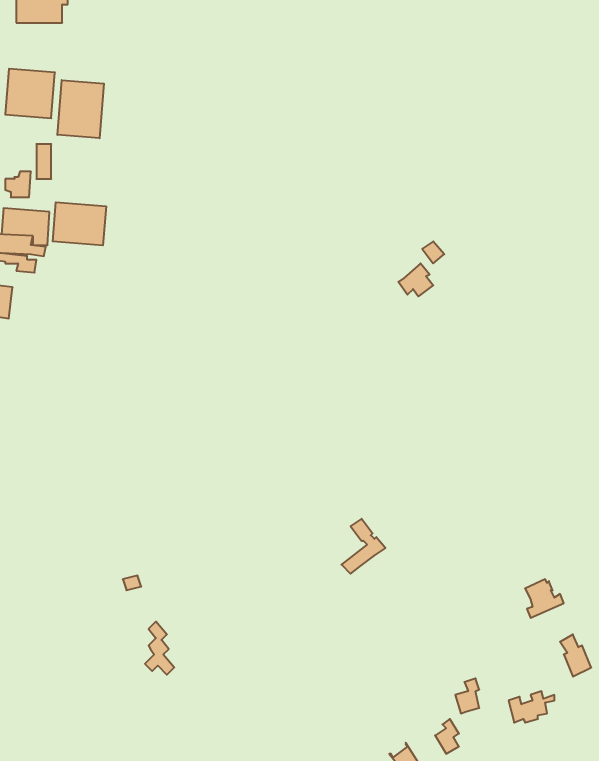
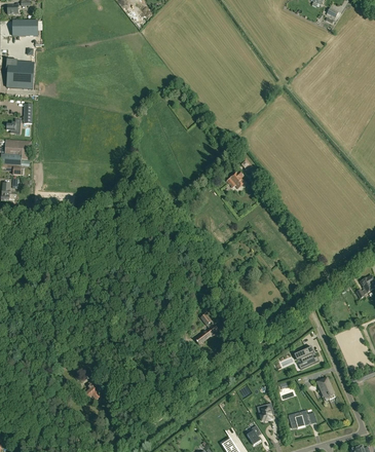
building: [57,80,104,138] -> none
building: [53,202,106,245] -> none

